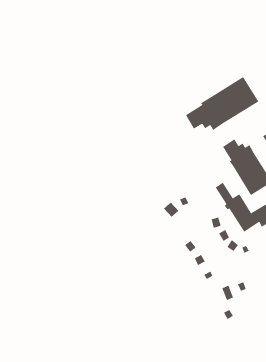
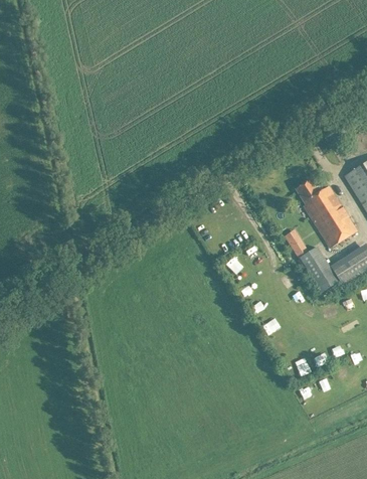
building: [185,76,259,131] -> none

